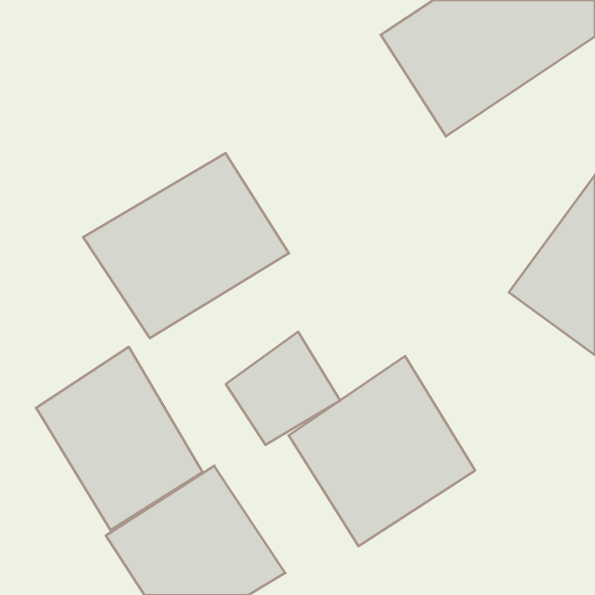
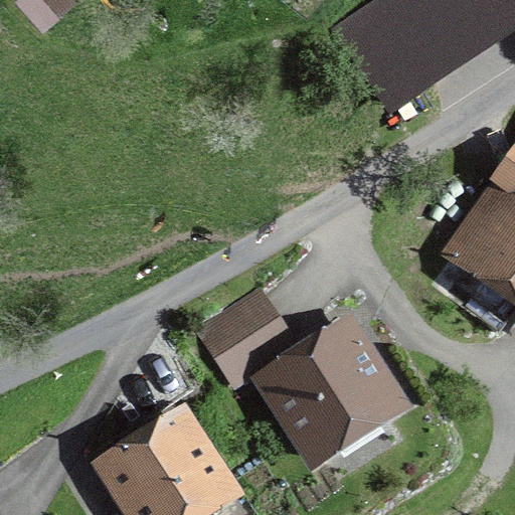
building: [83,153,289,338] -> none
building: [36,347,202,530] -> none

